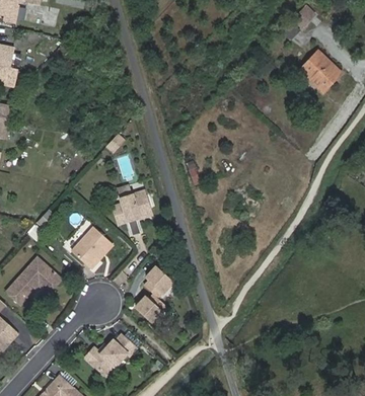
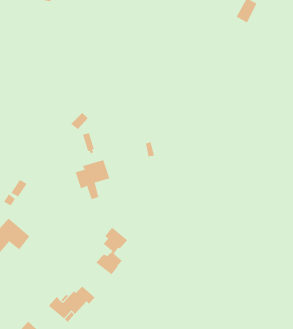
building: [301,55,343,96] -> none
building: [72,224,112,266] -> none

